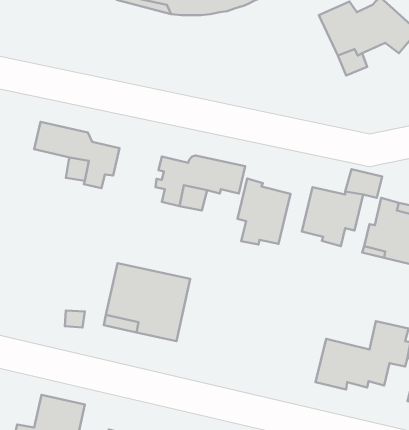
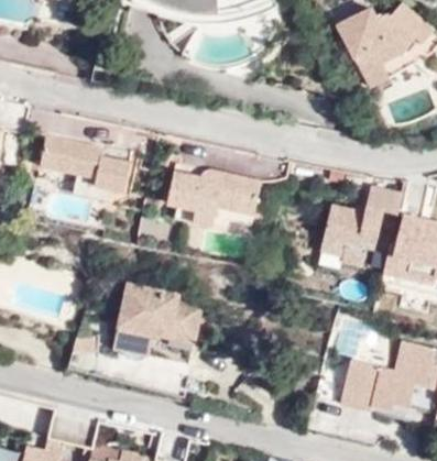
building: [238,178,291,245] -> none

